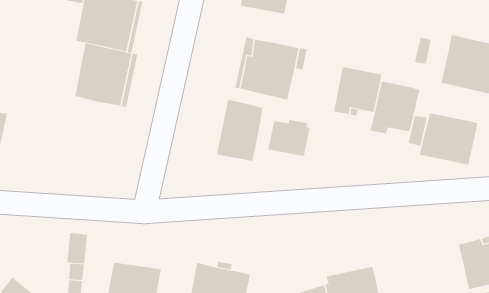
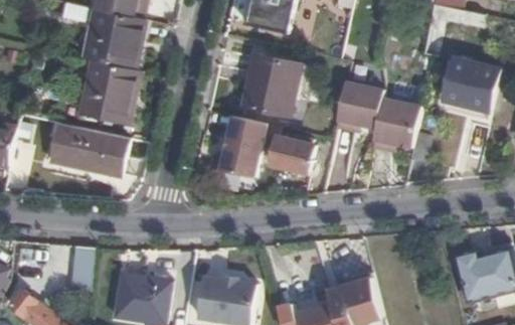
building: none -> [52,122,128,175]
building: [419,113,478,166] -> none

